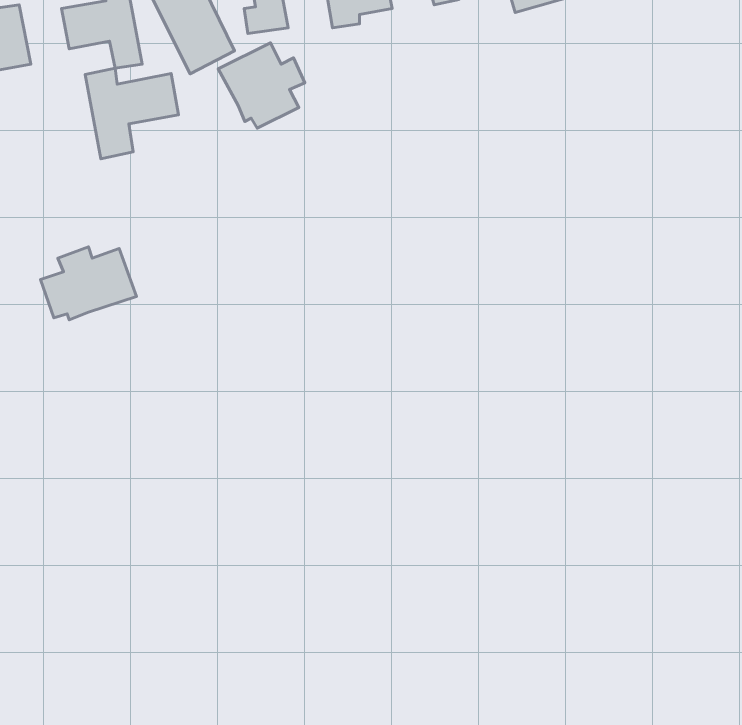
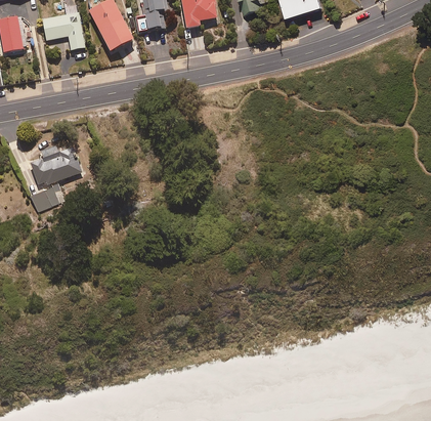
building: [218,43,305,128] -> none
building: [85,68,179,159] -> none
building: none -> [29,180,63,205]

